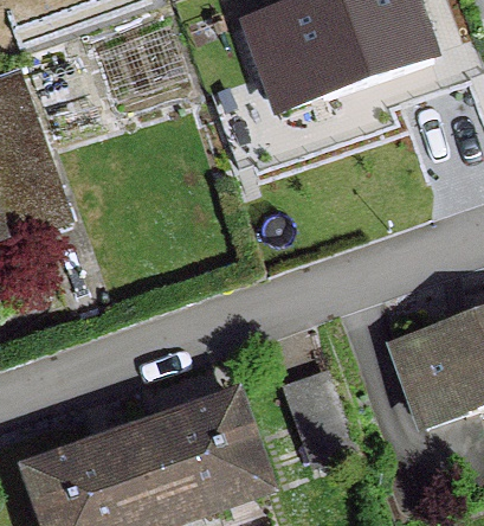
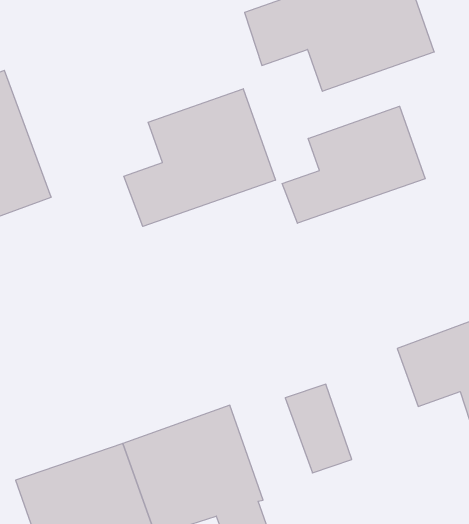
building: none -> [124,89,275,226]
building: none -> [282,106,425,223]

